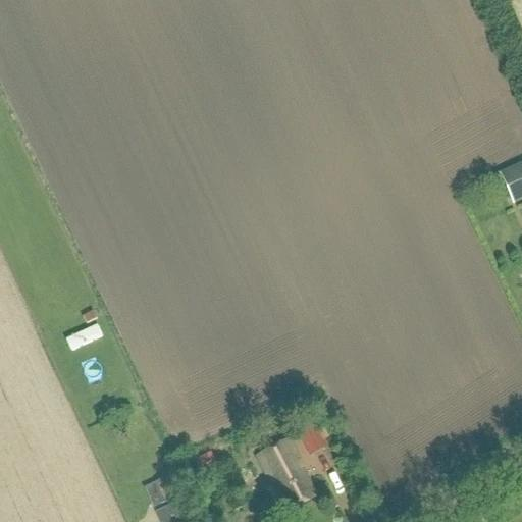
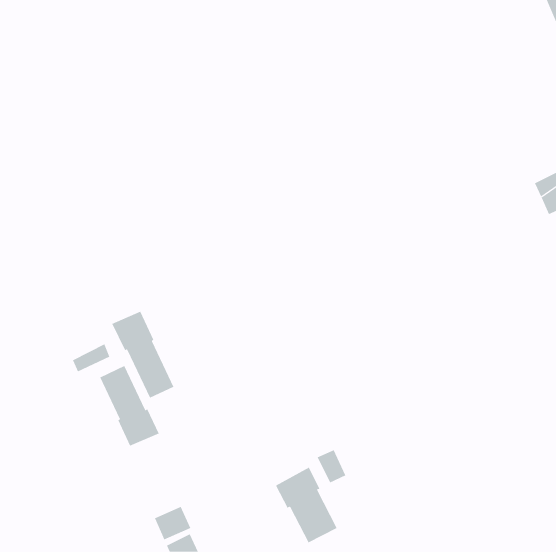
building: none -> [112,311,174,399]
building: none -> [99,365,160,447]

